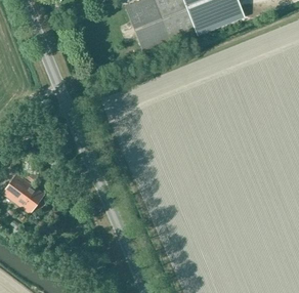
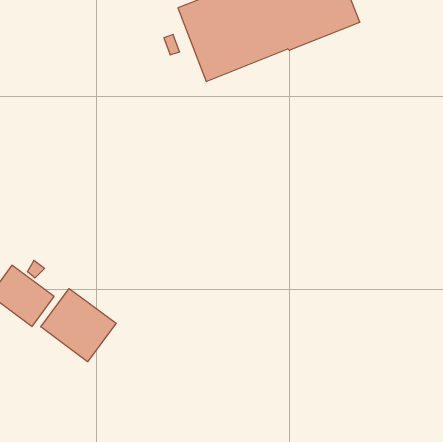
building: none -> [41,289,116,362]

